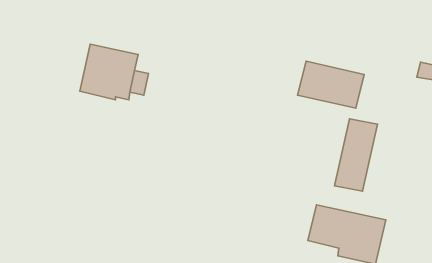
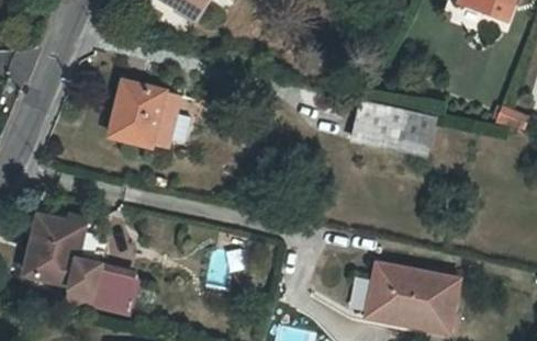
building: [334,119,378,191] -> none
building: none -> [27,214,134,308]

